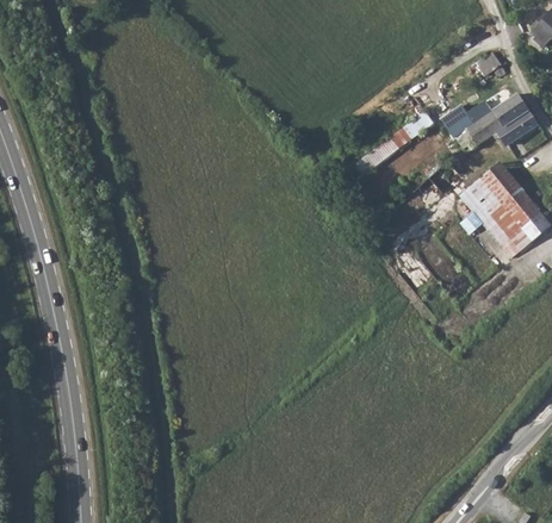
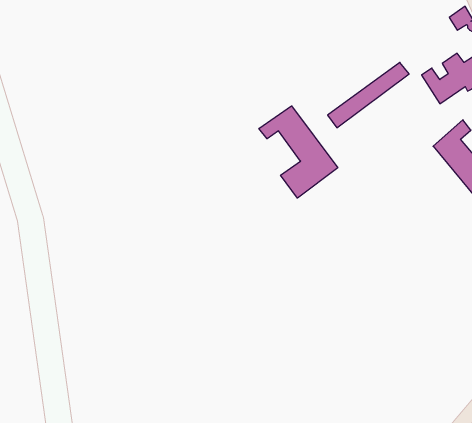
building: none -> [259,106,338,198]

